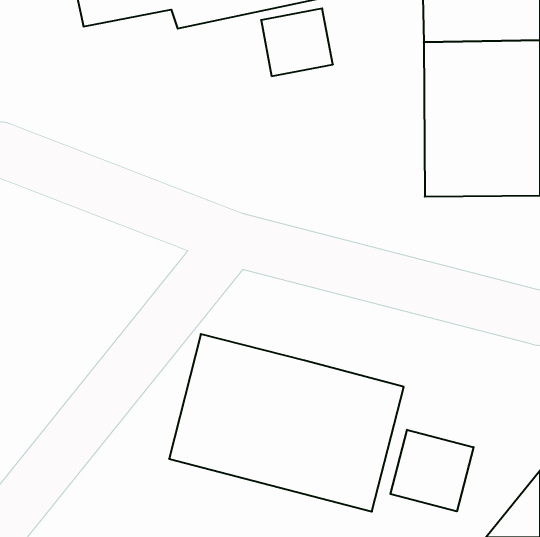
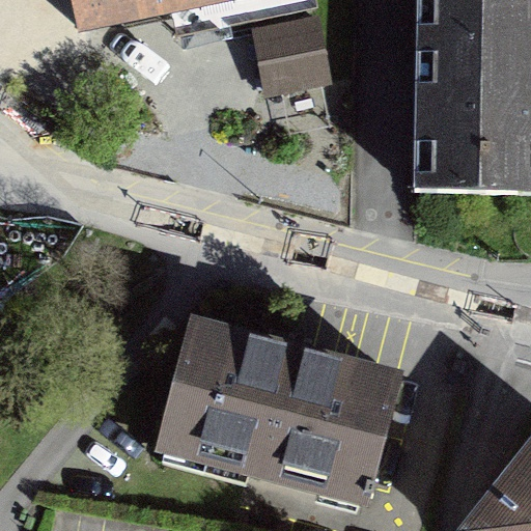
building: [390,430,474,511] -> none

